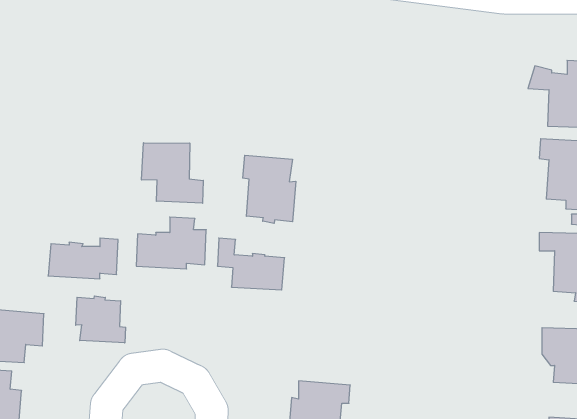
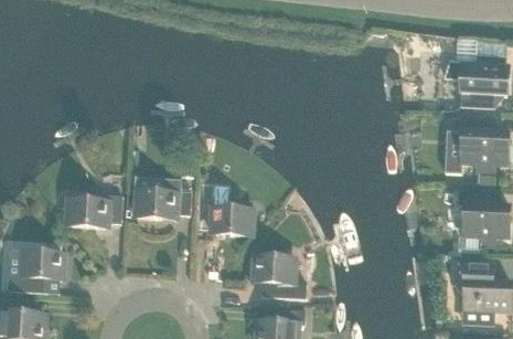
building: [142,143,203,203] -> none
building: [243,155,296,223] -> none
building: [76,296,126,343] -> none
building: none -> [253,256,307,300]

